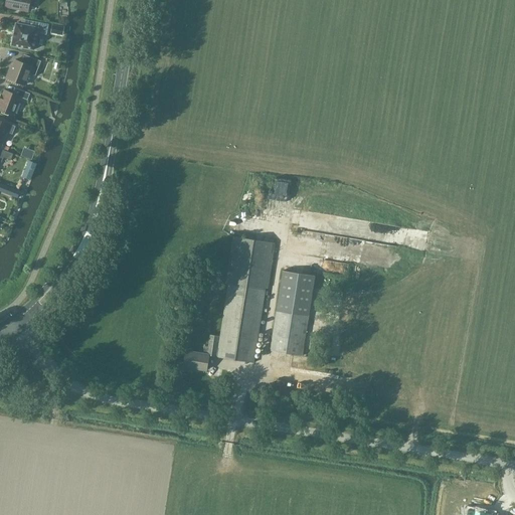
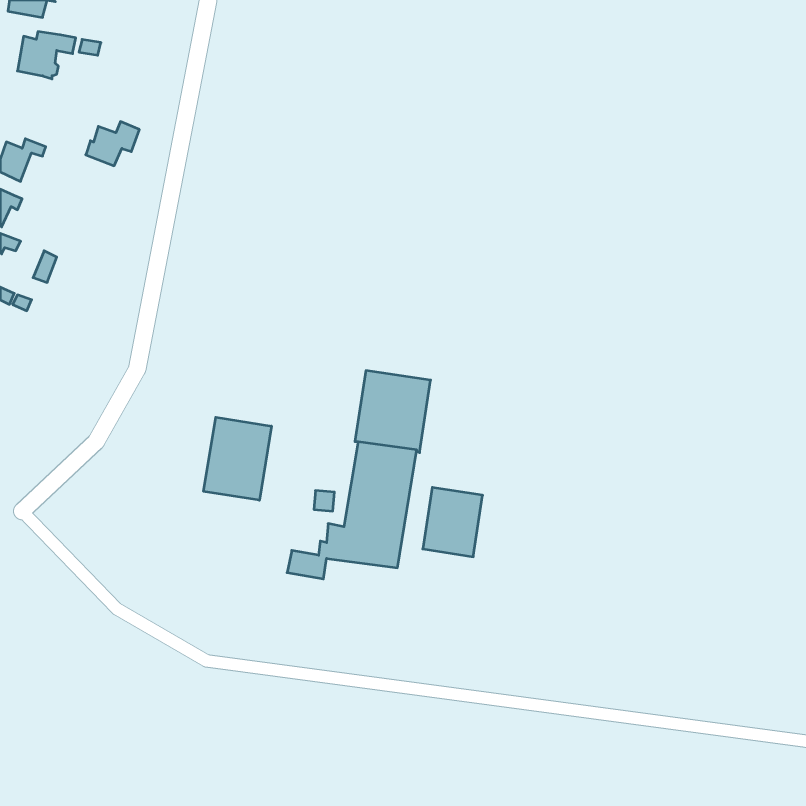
building: [6,56,40,84] -> [86,122,139,166]
building: none -> [204,417,271,500]
building: [276,271,314,316] -> none

